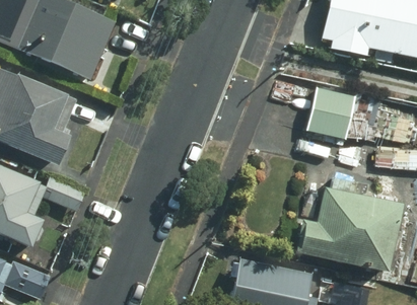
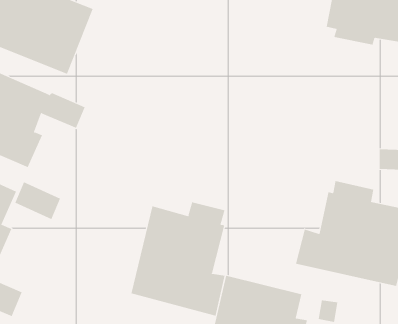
building: [307,86,381,140] -> none
building: none -> [131,201,225,316]

